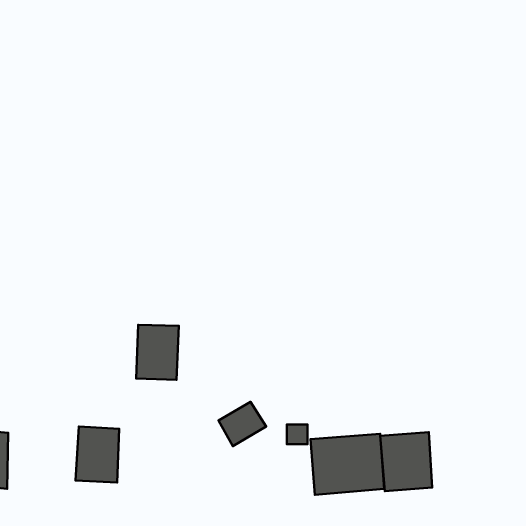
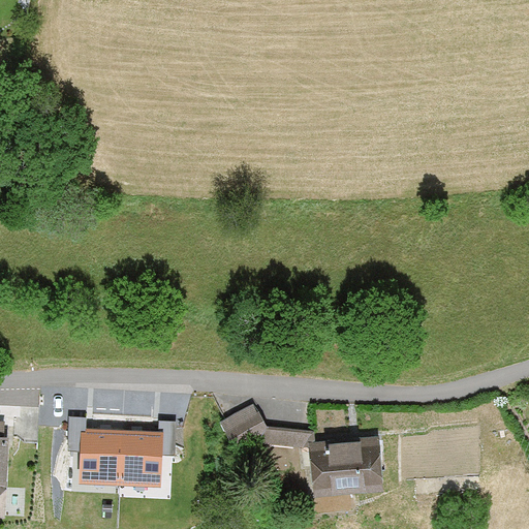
building: [136,325,179,380] -> [117,431,159,486]
building: [380,432,432,491] -> none

